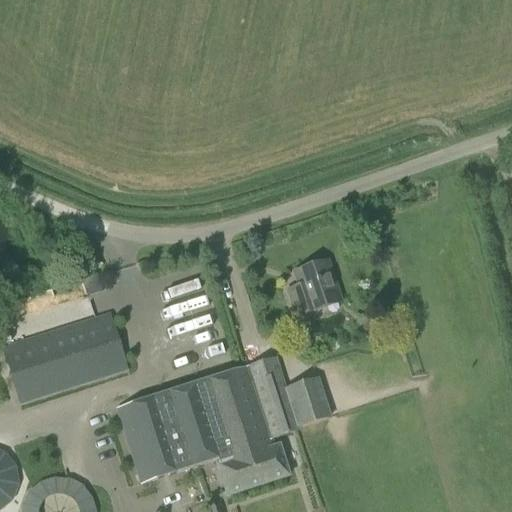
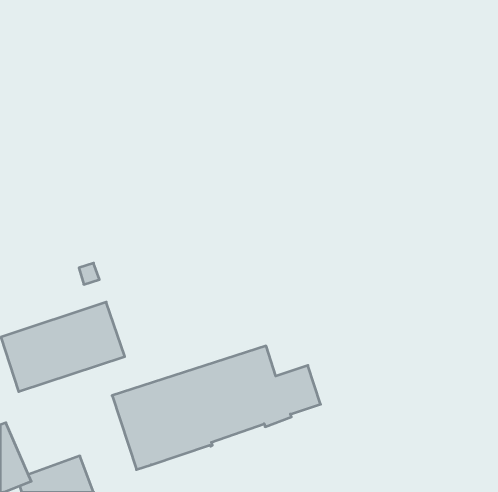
building: [285,257,342,315] -> none
building: [216,435,288,493] -> none

